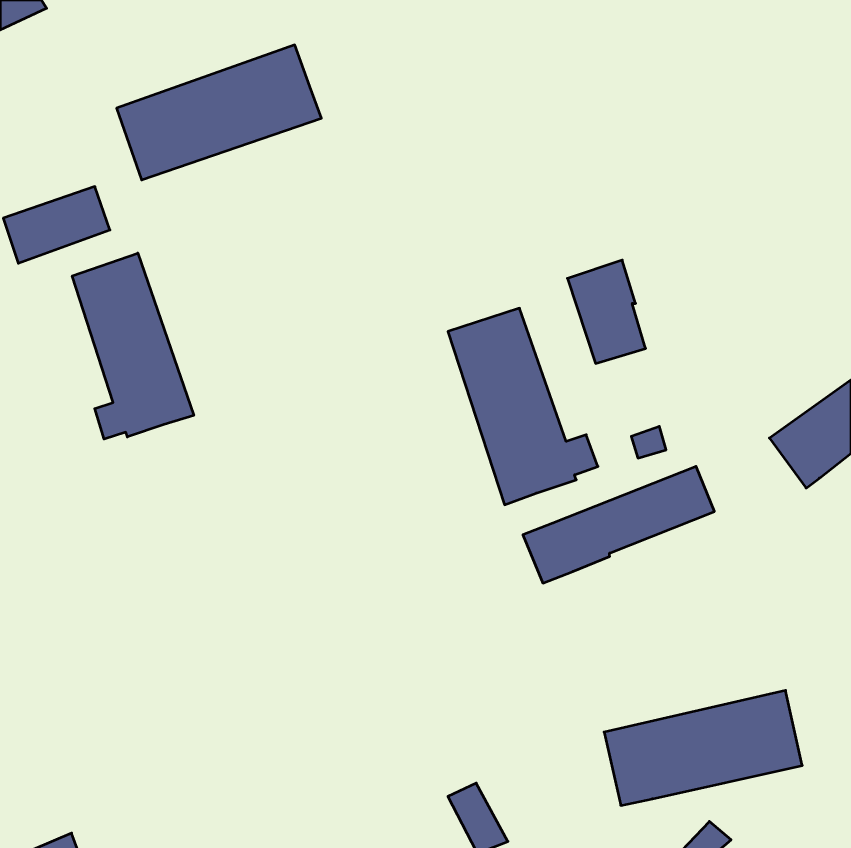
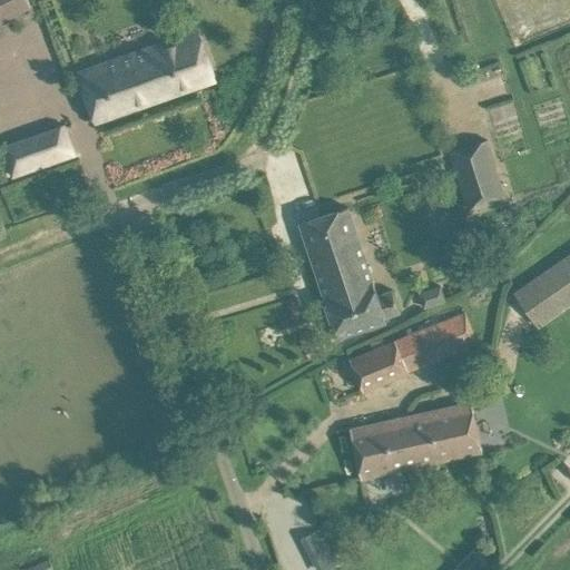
building: [72,253,194,439] -> none
building: [567,260,646,363] -> [451,141,503,210]
building: [604,690,802,805] -> [350,403,482,480]

